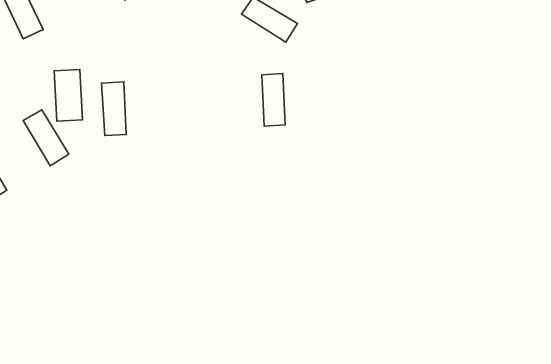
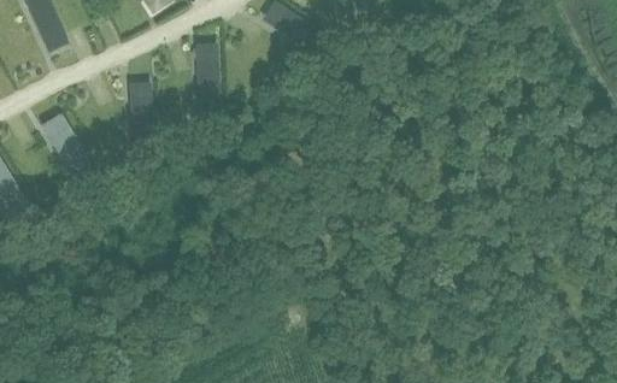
building: [54,69,82,121] -> none
building: [262,74,285,126] -> [192,47,216,101]

